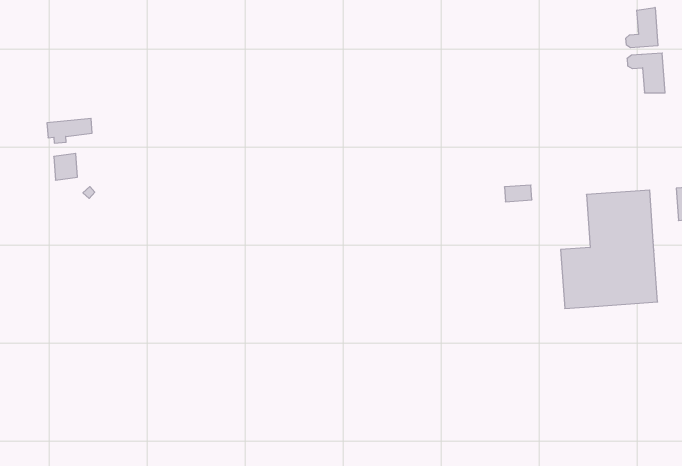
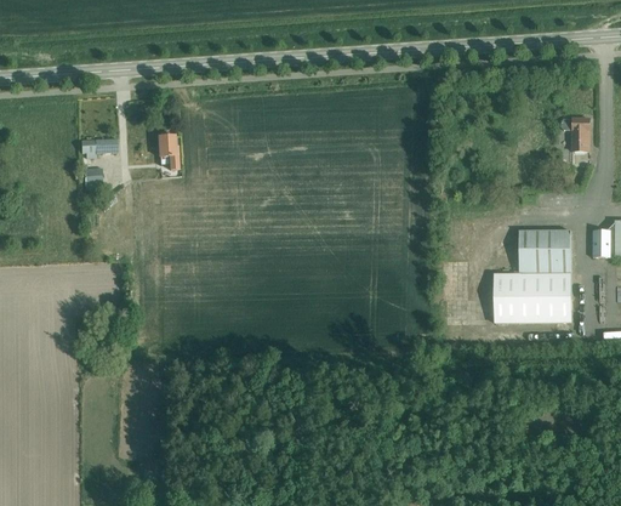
building: [626,7,658,48] -> none
building: none -> [158,133,177,169]

